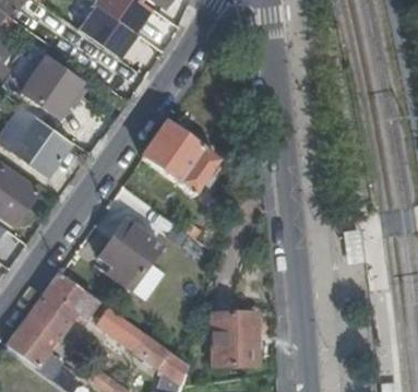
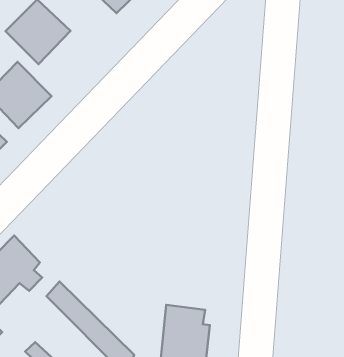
building: [142,122,219,194] -> none
building: [98,222,159,289] -> none

